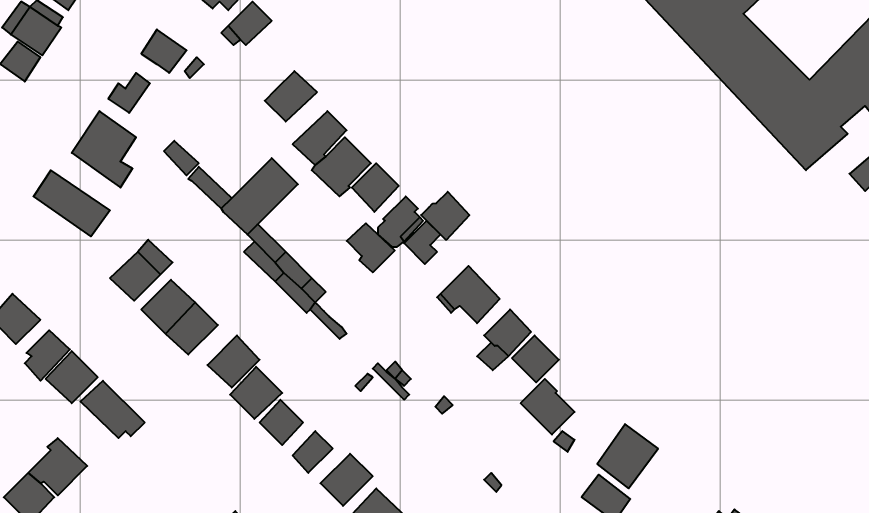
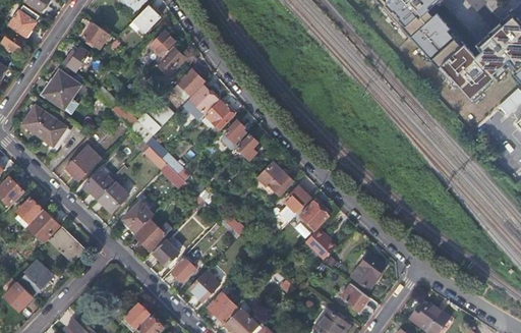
building: none -> [150,30,177,57]
building: [421,192,469,240] -> none
building: [347,223,395,272] -> none

